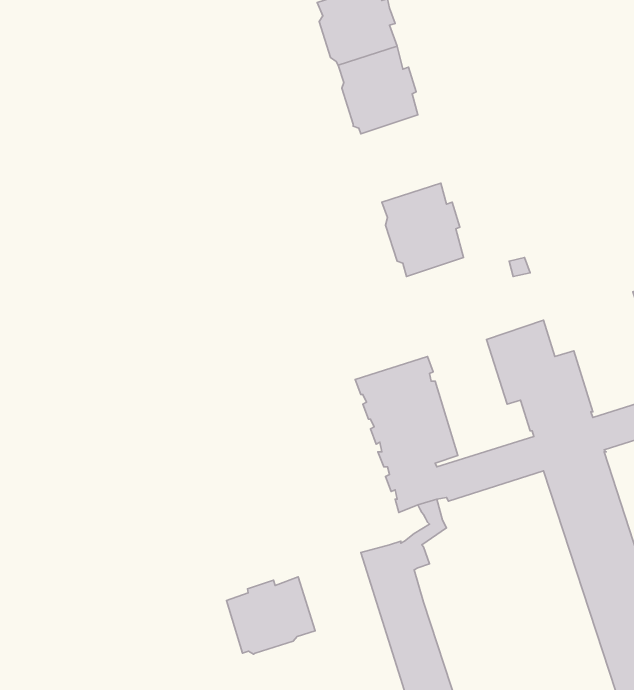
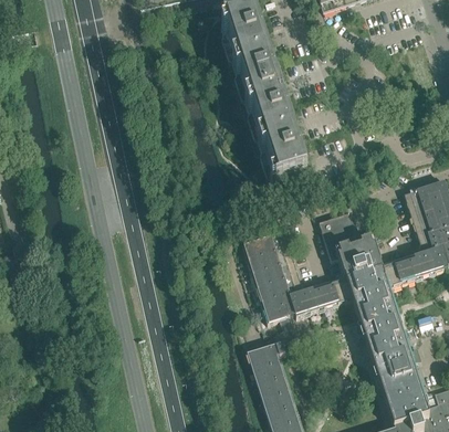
building: none -> [246,89,292,140]
building: [227,577,315,654] -> none

